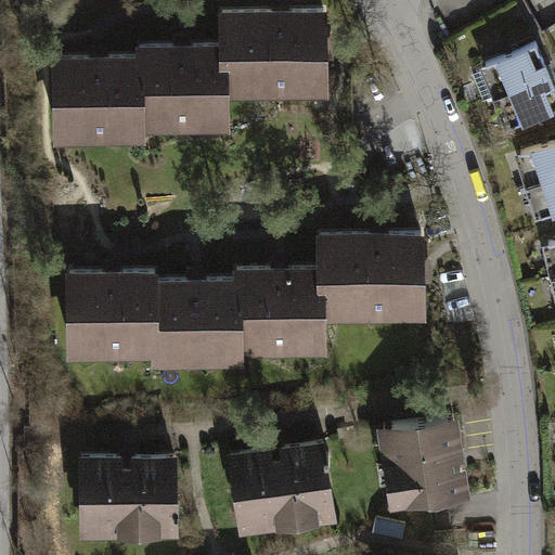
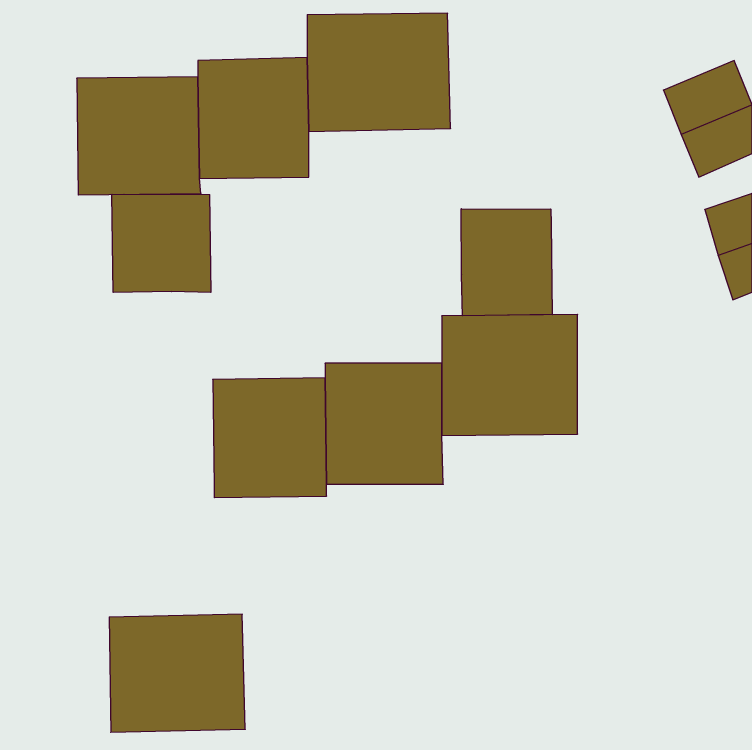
building: none -> [112,194,211,292]
building: none -> [461,209,552,316]
building: [64,271,157,361] -> none
building: [377,415,473,511] -> none
building: [228,441,338,539] -> none

